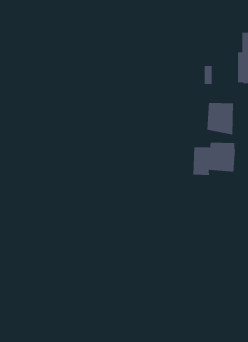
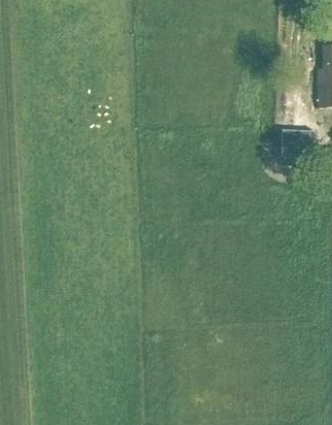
building: [193,142,236,176] -> none

